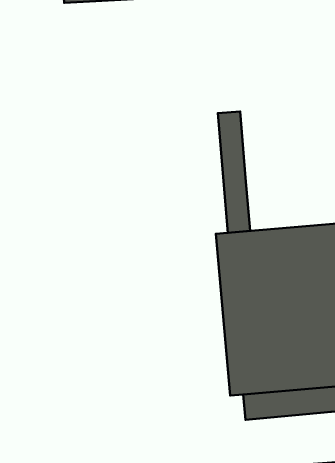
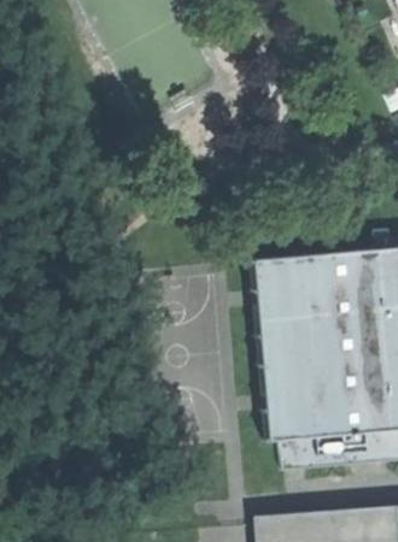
building: [218,111,250,233] -> none

